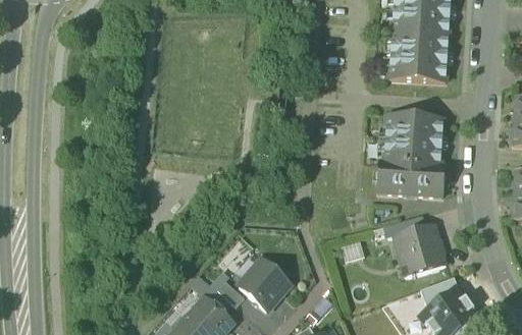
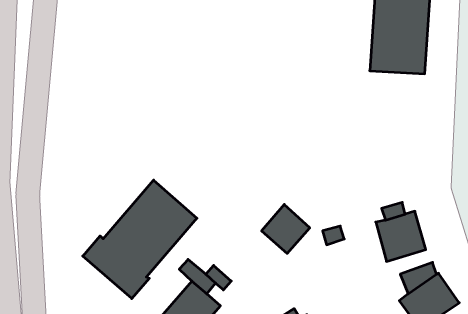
building: [377,116,443,197] -> none
building: none -> [83,180,197,299]
building: [239,259,289,310] -> [262,204,310,253]

